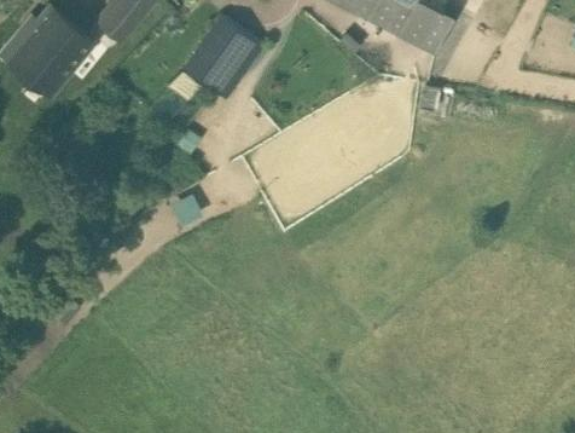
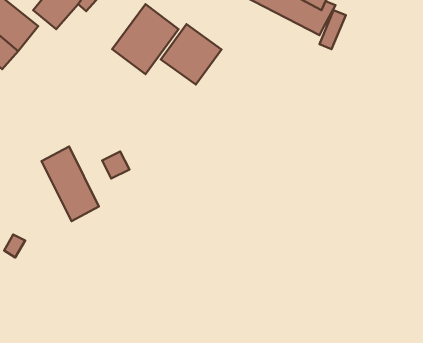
building: none -> [161,24,222,85]
building: none -> [41,147,99,221]

